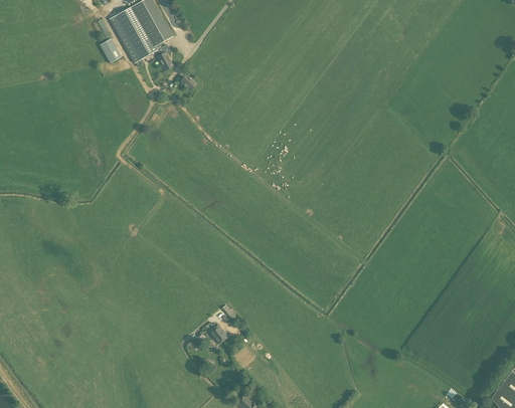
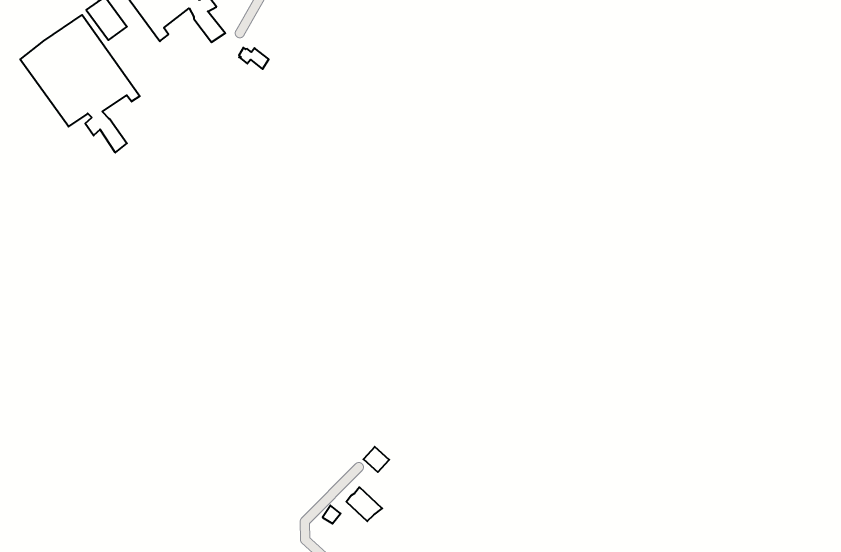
building: none -> [20,15,140,153]

